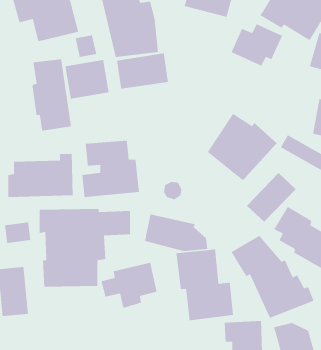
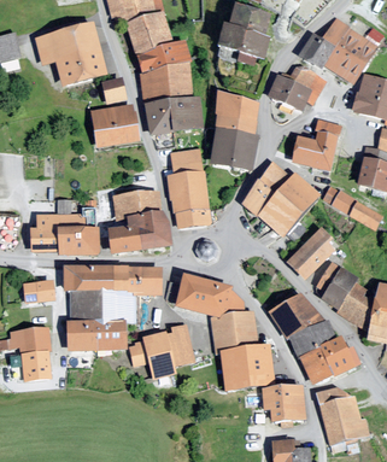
building: none -> [210,89,258,170]
building: [31,59,72,131] -> [168,147,211,226]
building: none -> [292,119,340,170]

